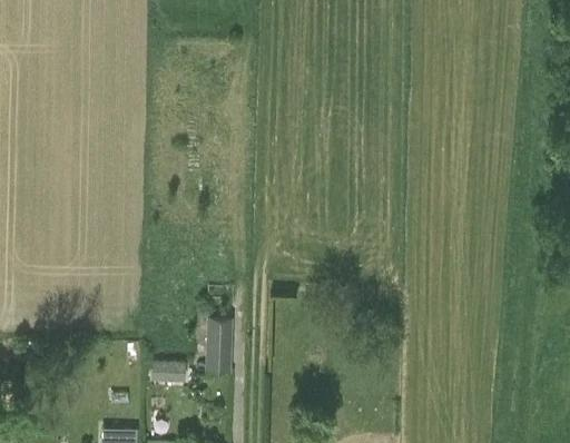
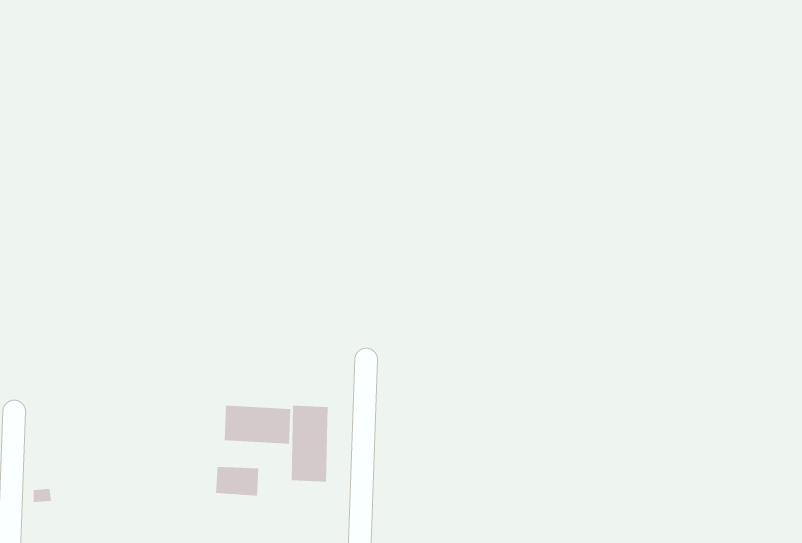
building: none -> [224,405,291,444]

